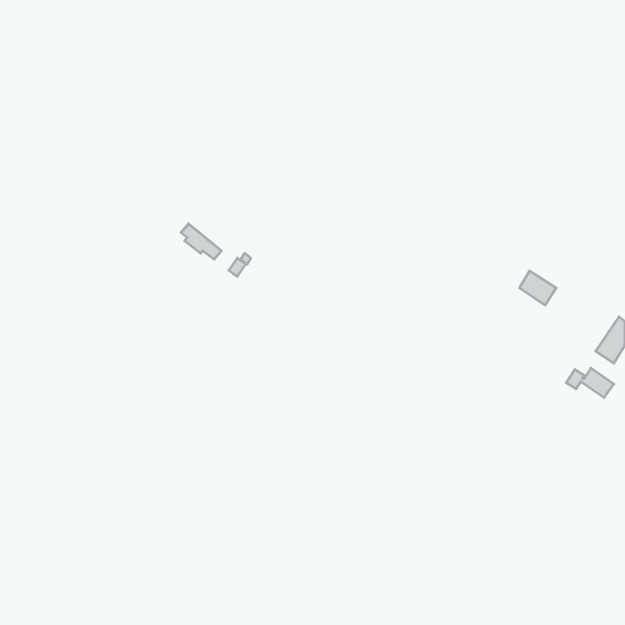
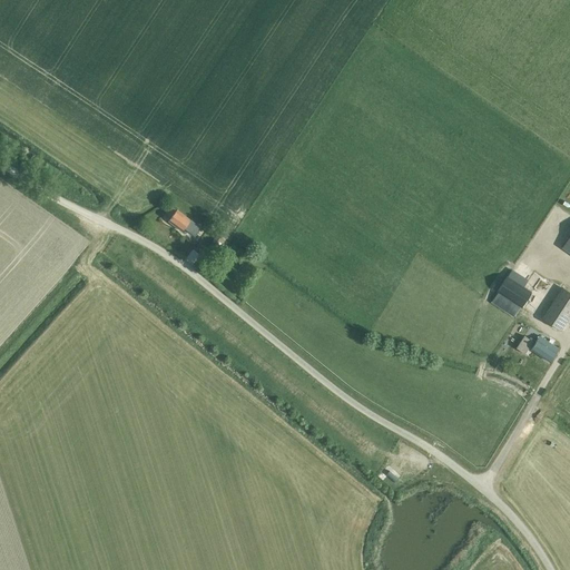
building: [520,271,556,305] -> [498,277,531,308]

